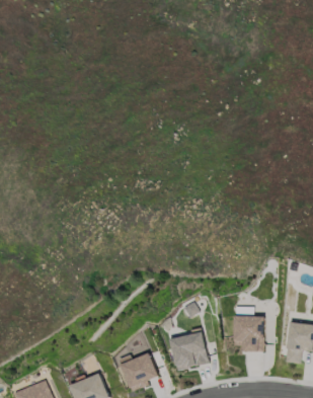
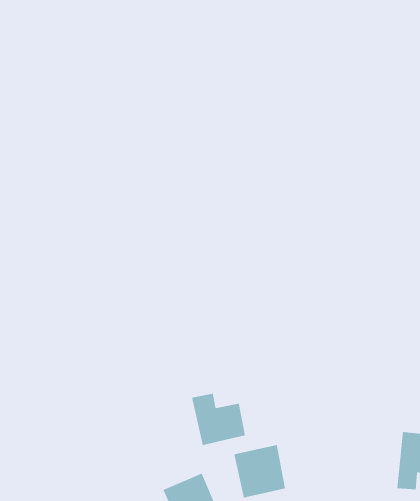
building: none -> [191,393,245,446]
building: [233,307,262,350] -> none

